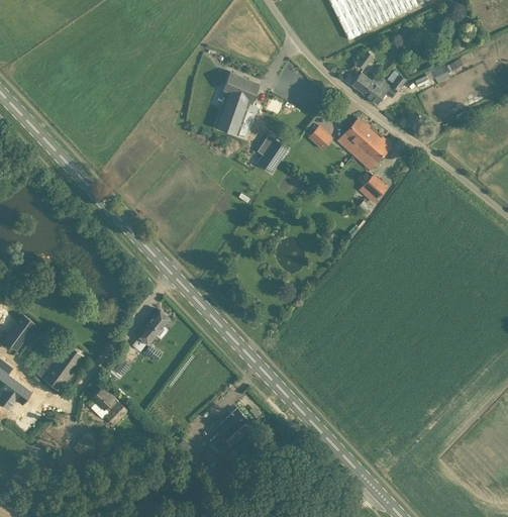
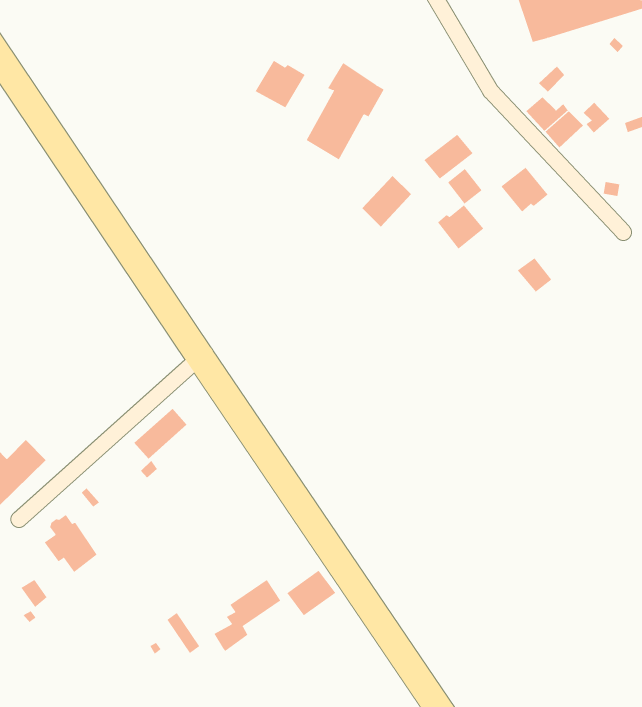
building: none -> [255,60,306,108]
building: none -> [424,134,473,179]
building: [359,133,389,163] -> [437,205,484,250]
building: none -> [286,570,336,616]

